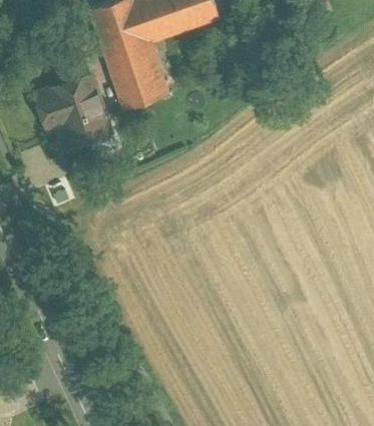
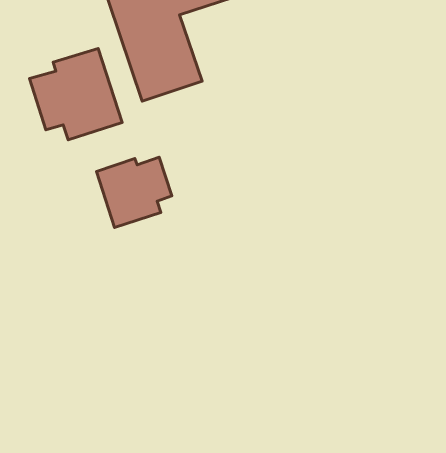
building: none -> [96,157,172,227]

